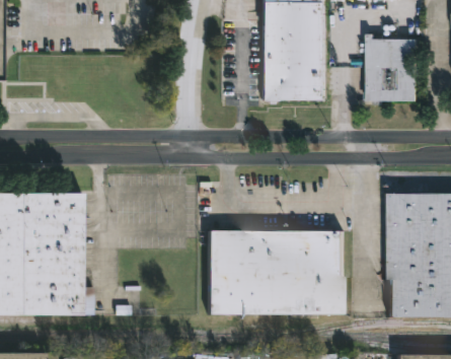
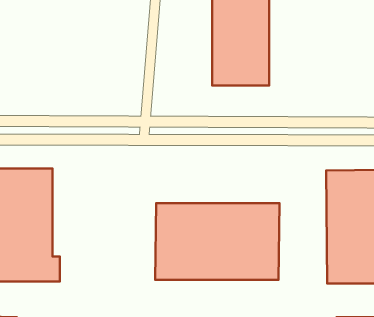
building: [368,34,418,101] -> none

